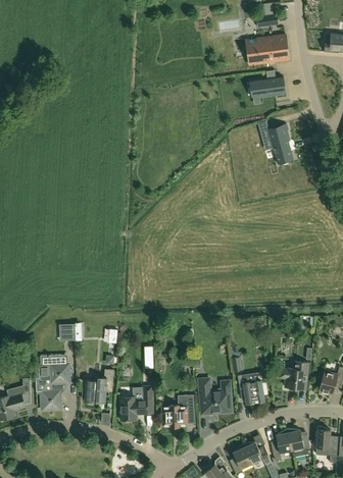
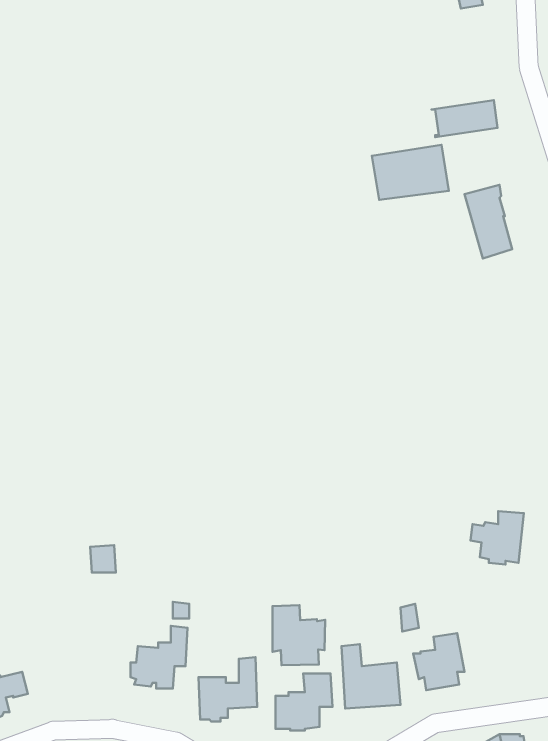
building: [246,35,289,65] -> [372,145,449,200]
building: none -> [273,605,325,665]
building: [279,362,308,391] -> [471,511,524,565]
building: [35,365,69,411] -> none

